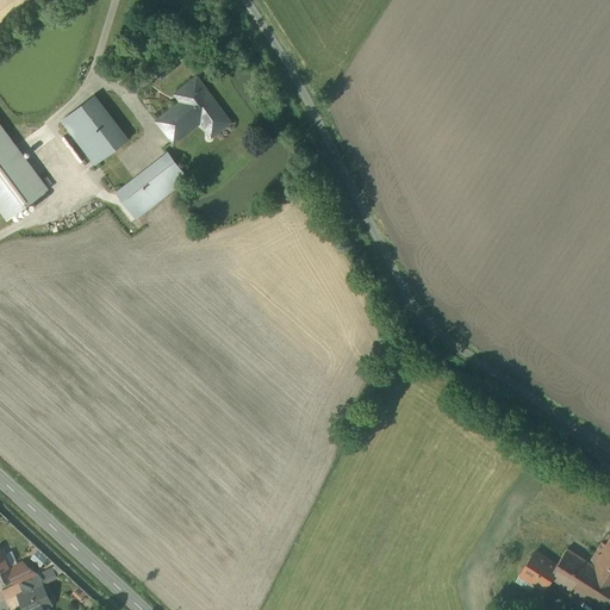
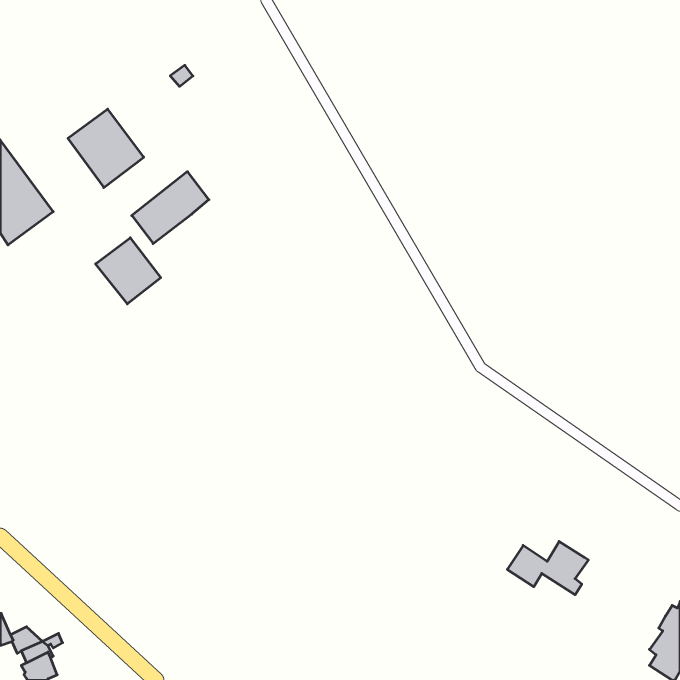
building: [157,81,229,143] -> none
building: none -> [96,238,161,304]
building: [521,548,593,596] -> [507,541,588,595]

